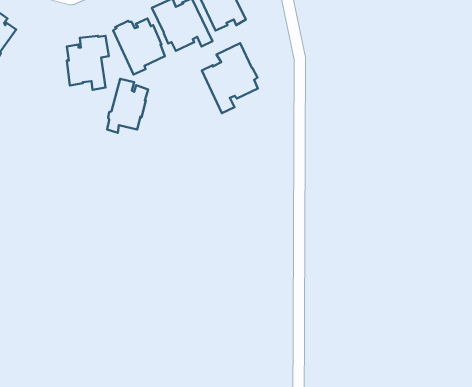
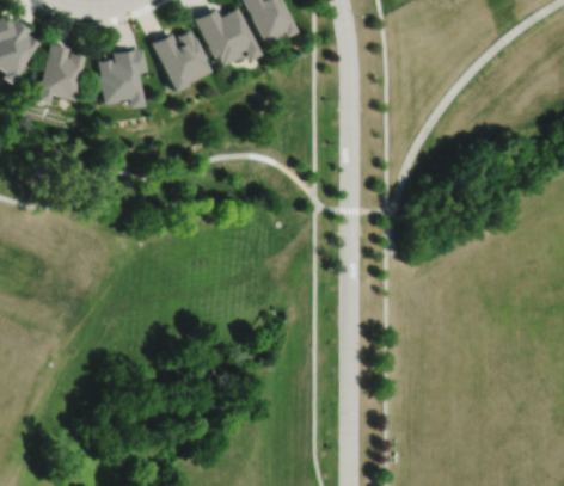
building: [202,43,258,113] -> none
building: [107,79,148,133] -> [41,44,86,104]

